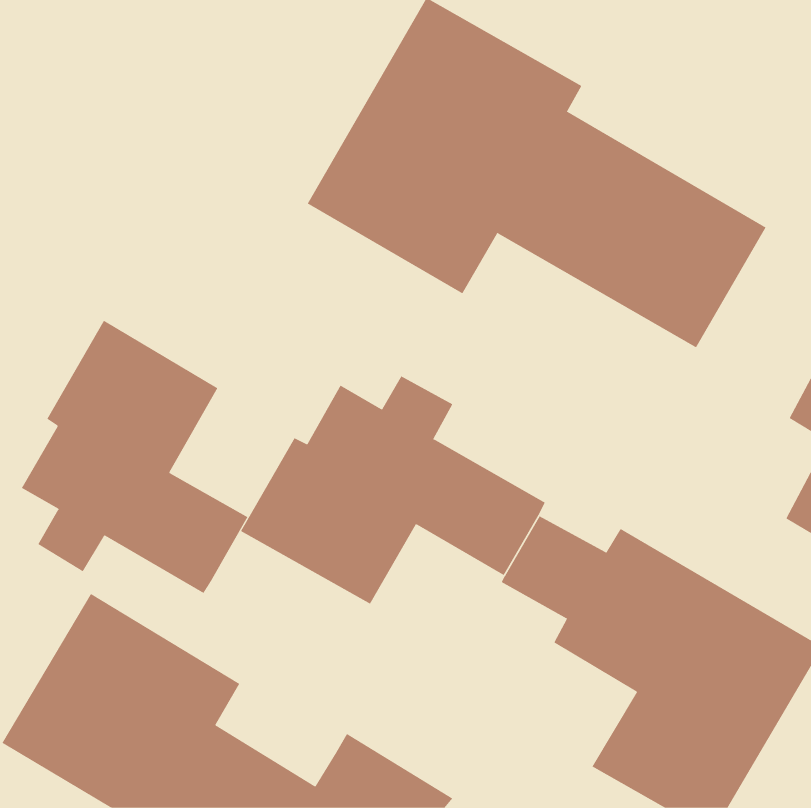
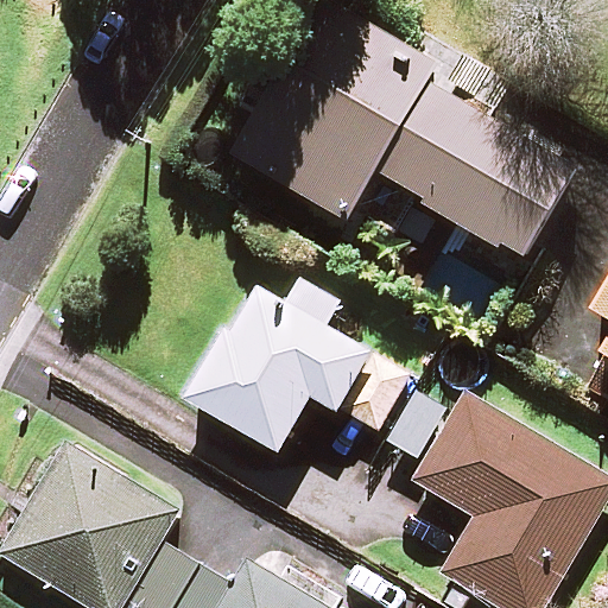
building: [21,320,248,594] -> none

